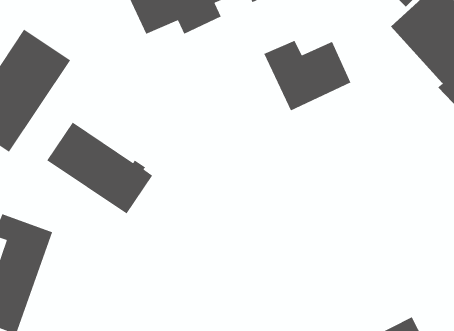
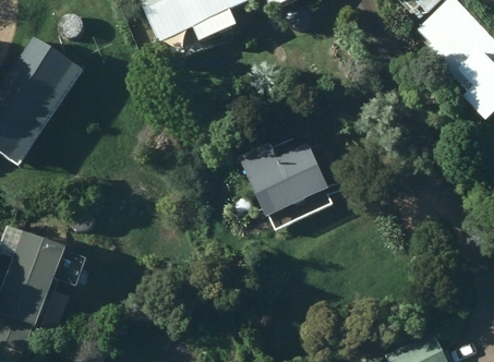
building: [263,40,352,111] -> [238,143,329,217]
building: [46,121,153,215] -> none

